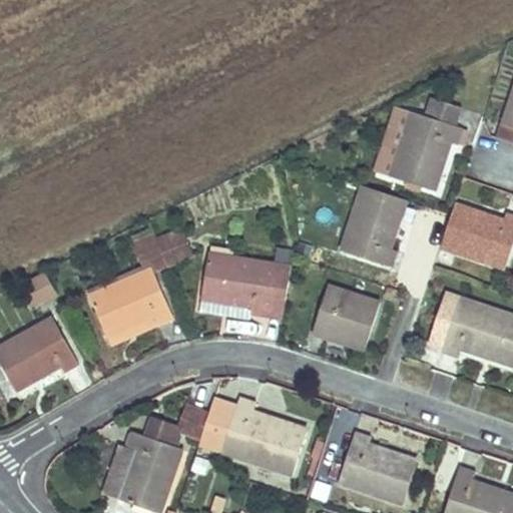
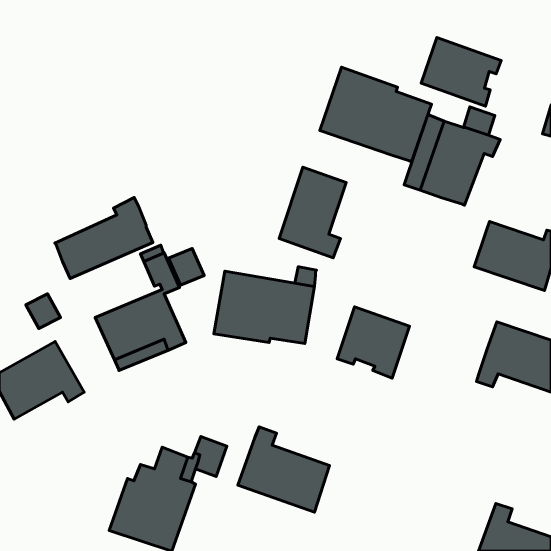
building: none -> [421,38,501,106]
building: none -> [320,67,431,162]
building: none -> [55,198,153,279]
building: [342,185,404,270] -> [279,167,346,258]
building: [199,399,236,450] -> none
building: [339,432,417,505] -> none

